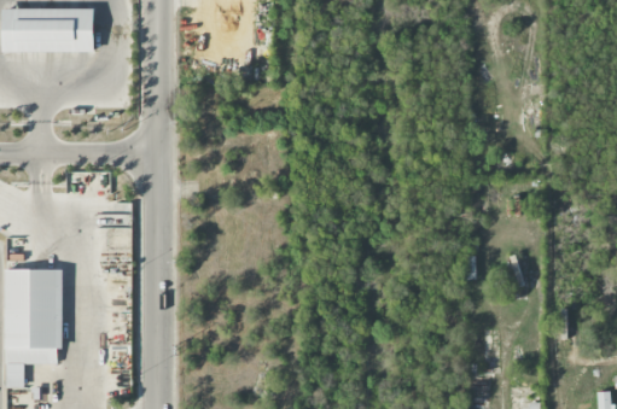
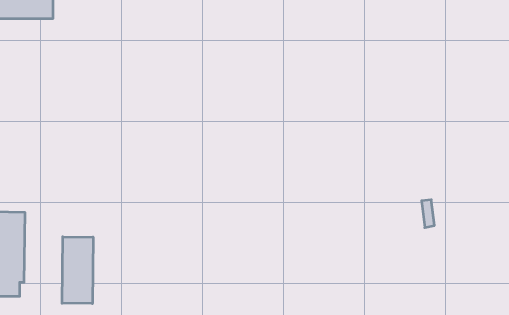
building: none -> [62,237,93,304]

